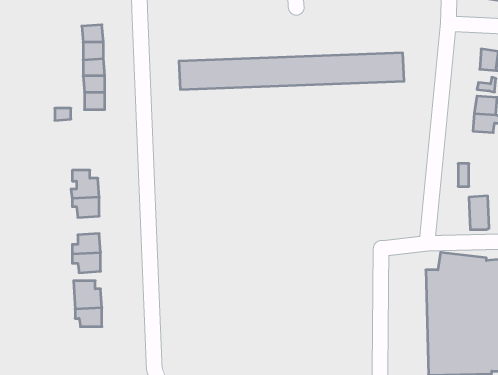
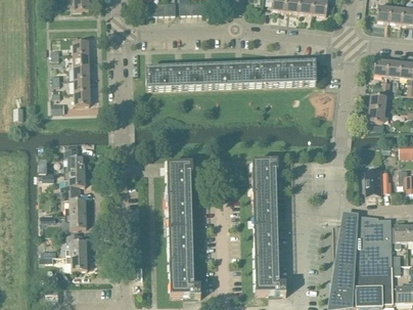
building: none -> [253,160,286,294]
building: none -> [168,162,201,296]

